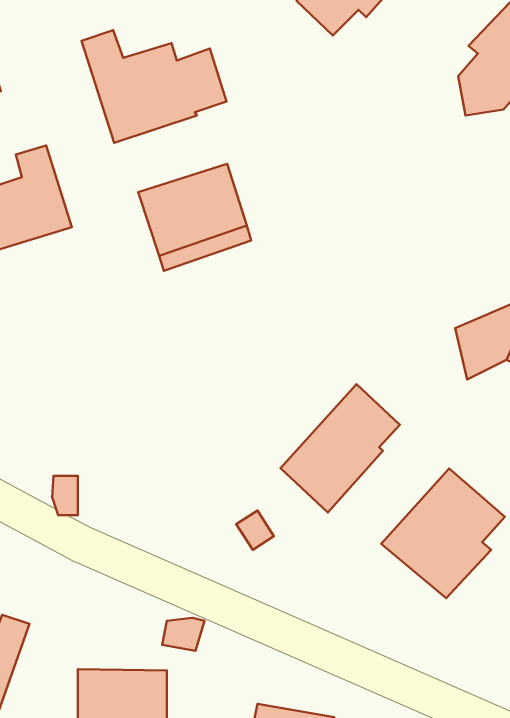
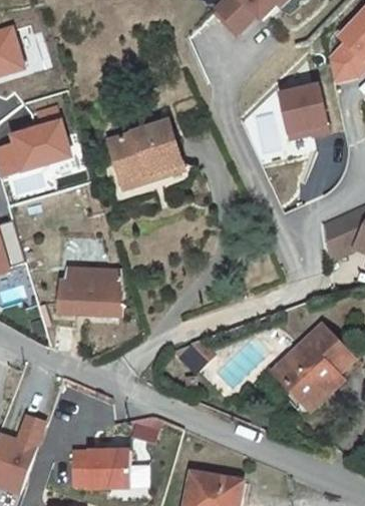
building: [82,30,227,143] -> none
building: none -> [278,83,331,141]
building: [281,384,400,512] -> none
building: none -> [58,270,126,318]

